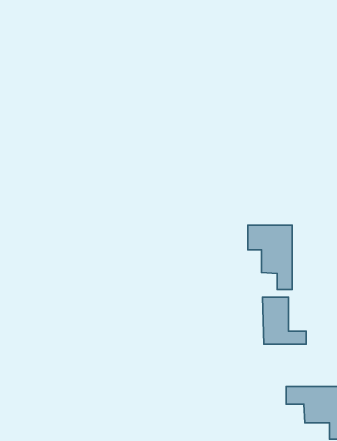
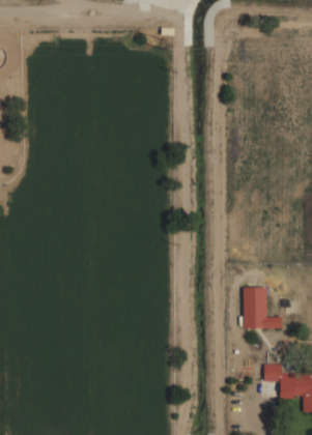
building: [248,225,292,290] -> none

